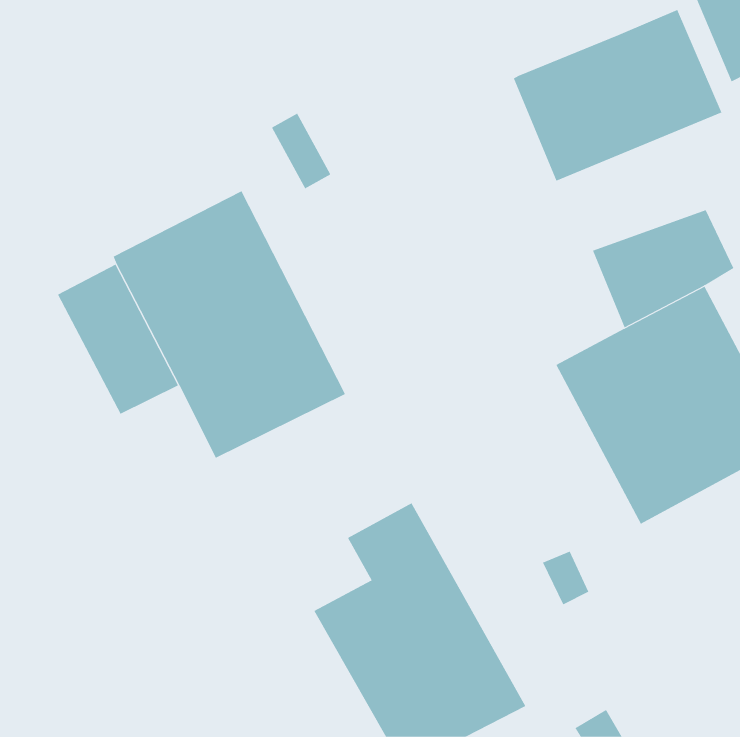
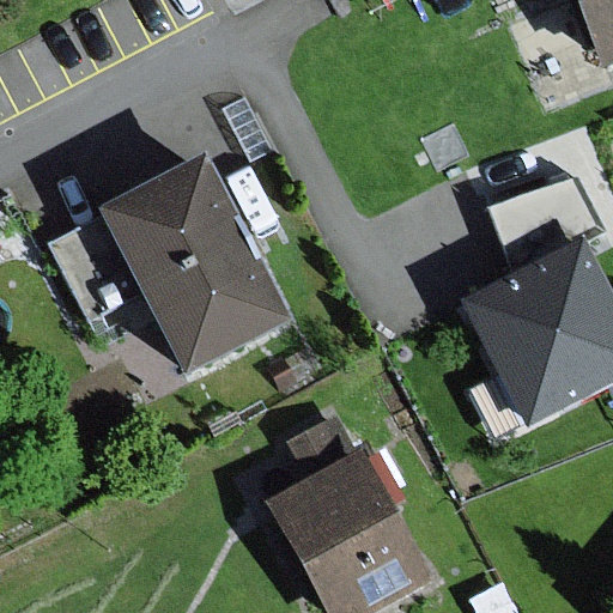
building: [513,9,722,182] -> none

